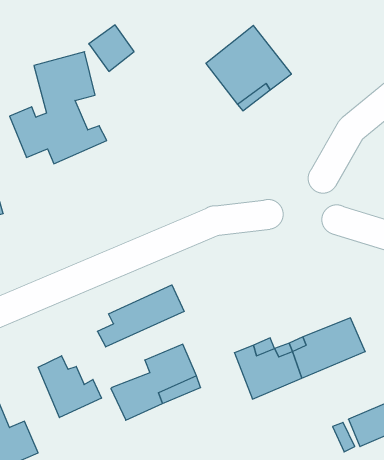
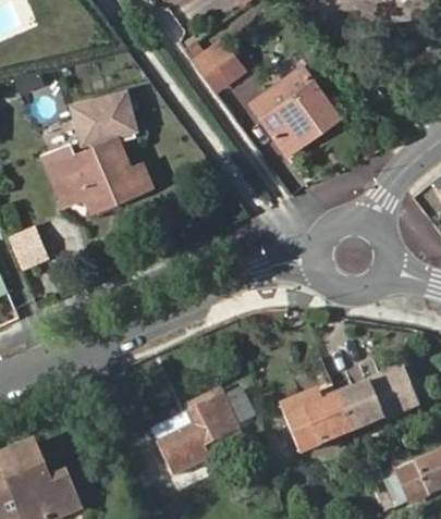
building: [89,25,134,71] -> [195,44,242,91]
building: [97,285,184,347] -> none
building: [38,356,101,418] -> none

